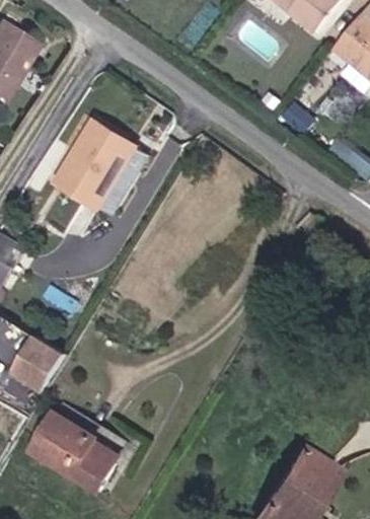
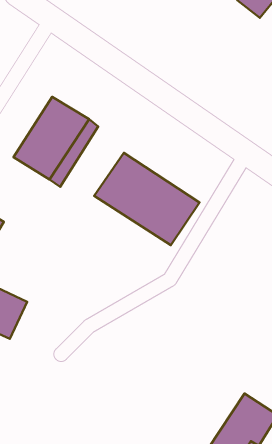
building: none -> [94,153,199,245]
building: [42,415,128,490] -> none

